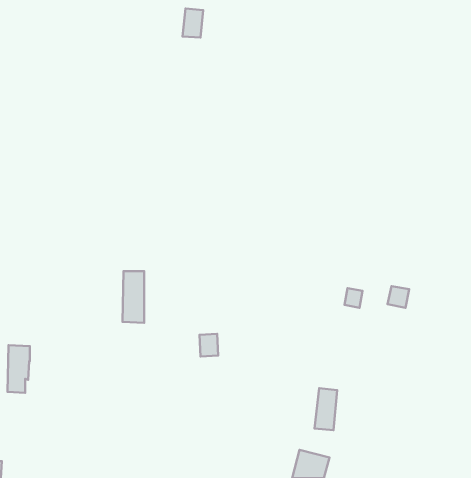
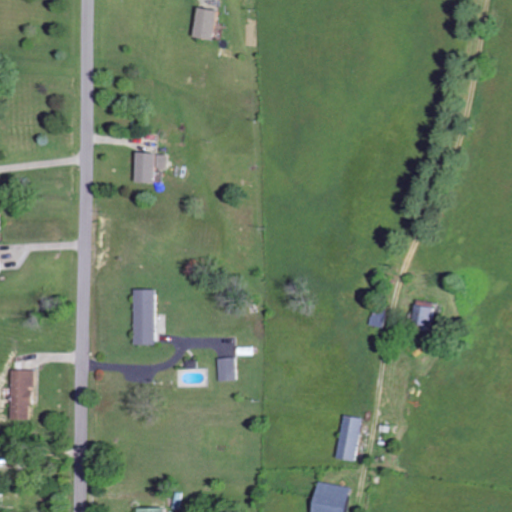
building: none -> [134,154,164,183]

